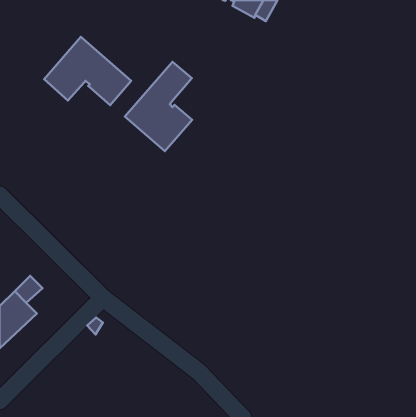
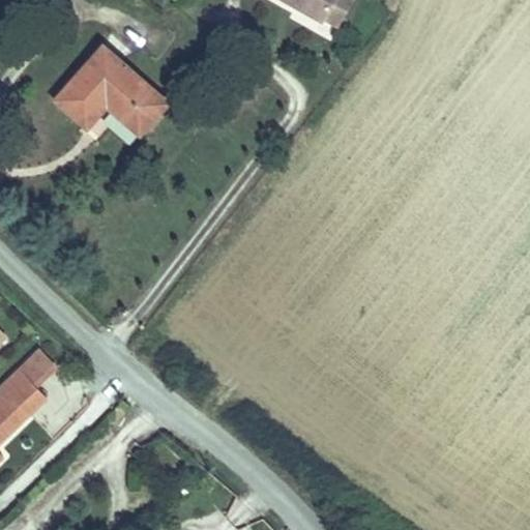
building: [125,62,192,151] -> none

